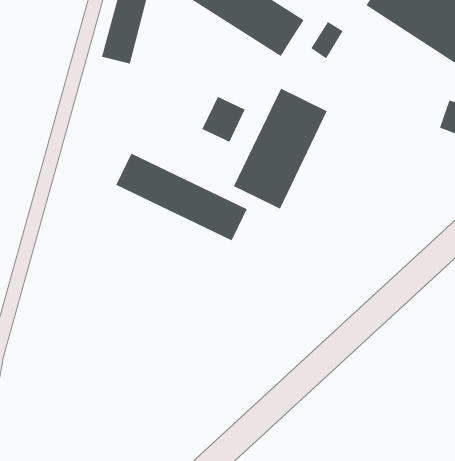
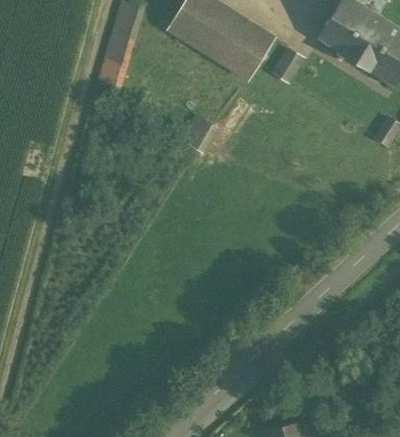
building: [233,88,328,209] -> none
building: [116,153,248,241] -> none

